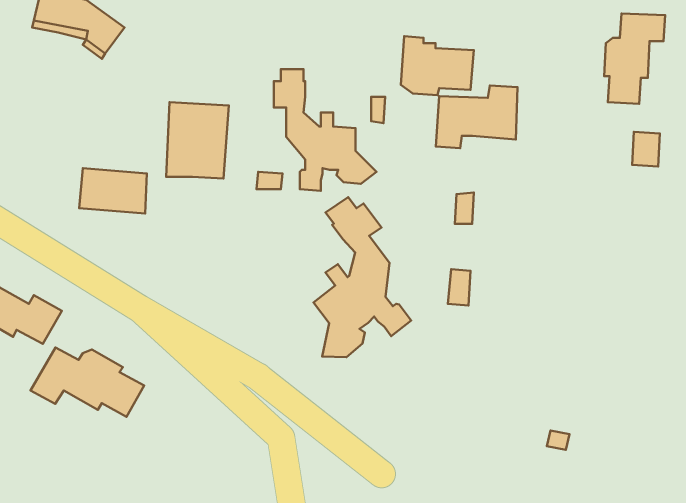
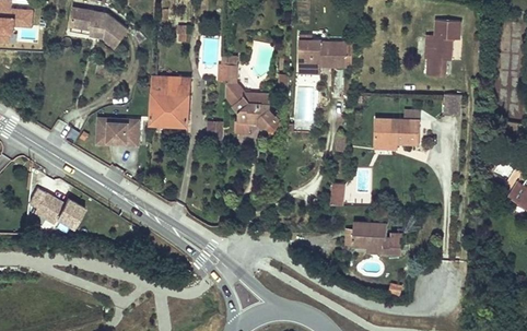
building: [436,86,517,148] -> [372,109,423,149]
building: [314,197,411,357] -> none
building: none -> [352,222,402,256]
building: [31,347,144,417] -> none

